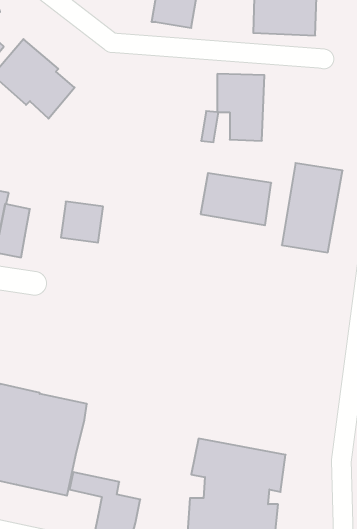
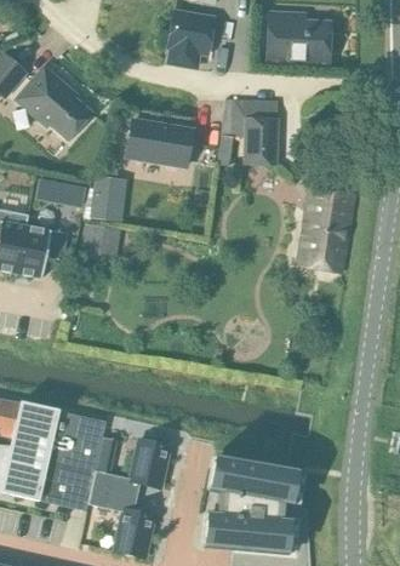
building: none -> [91,175,128,222]
building: none -> [38,176,88,204]
building: [201,173,271,225] -> [125,118,194,168]
building: none -> [93,436,173,497]

